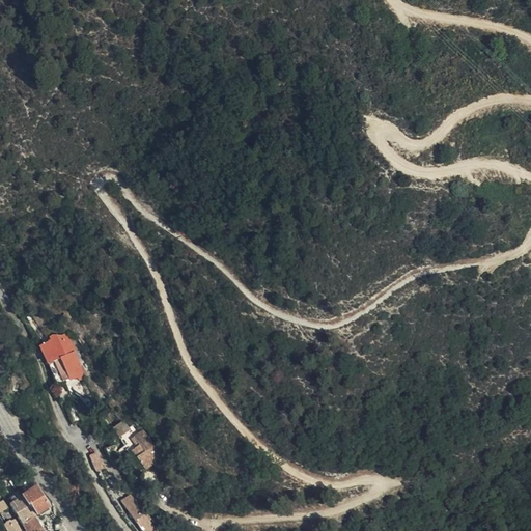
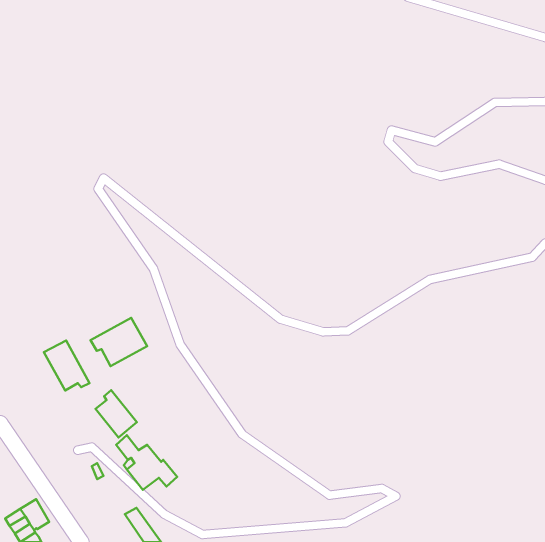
building: none -> [91,318,147,366]
building: none -> [95,390,137,438]

